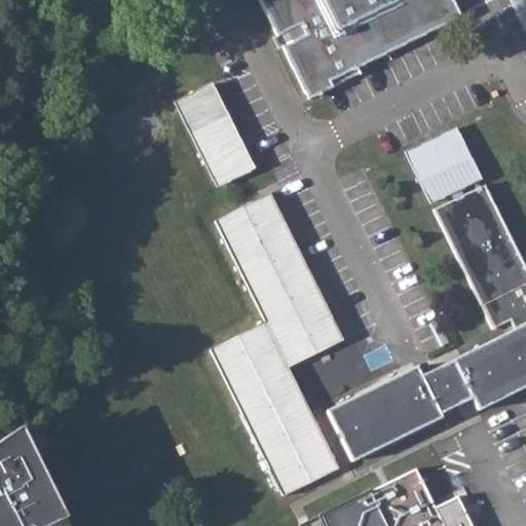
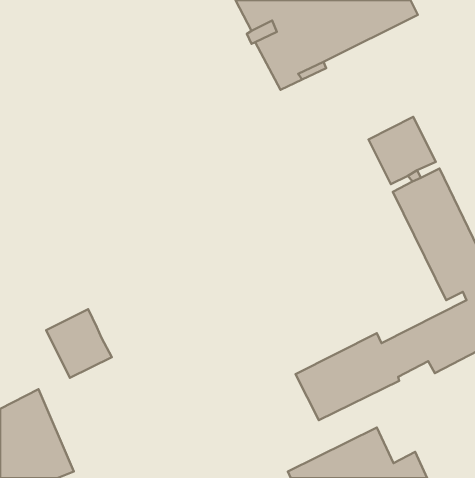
building: [177,82,254,184] -> none
building: [211,193,344,496] -> none
building: none -> [46,309,112,378]

